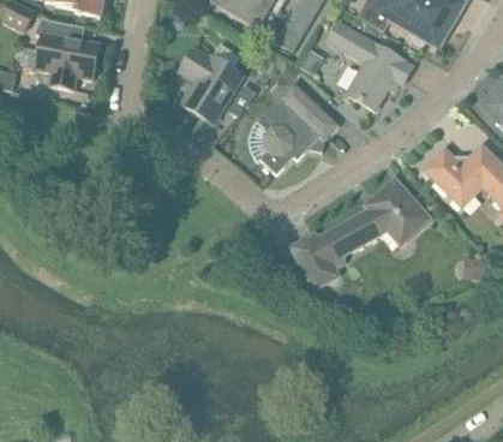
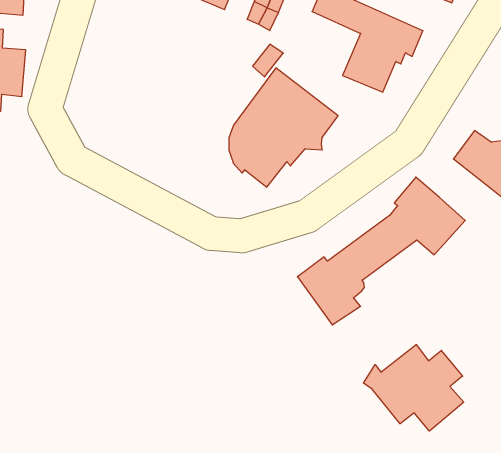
building: [179,47,244,124] -> none
building: none -> [364,344,464,431]

